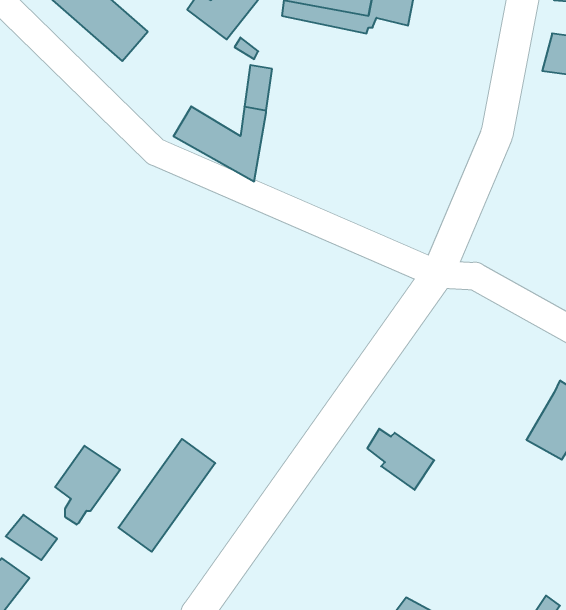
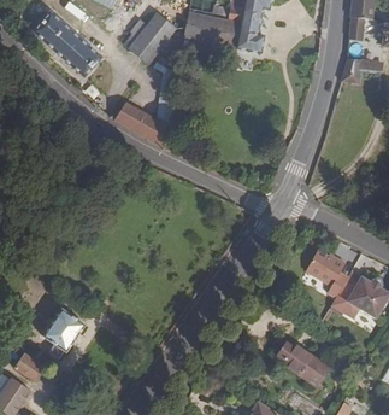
building: none -> [306,250,348,298]
building: [367,429,434,490] -> [279,343,320,380]
building: [118,439,215,552] -> none

